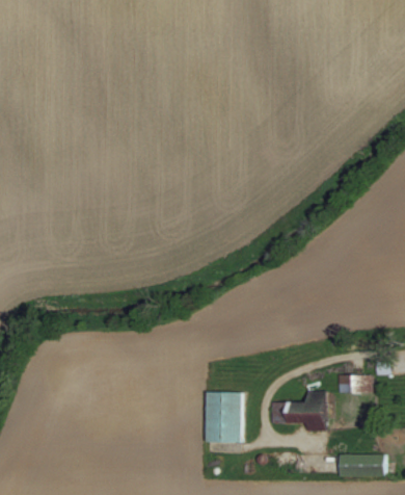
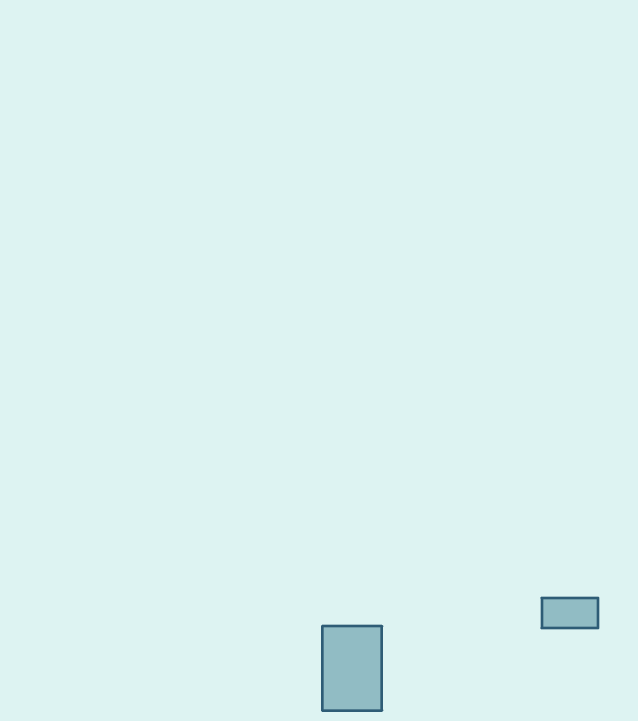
building: [285,392,327,431] -> none

